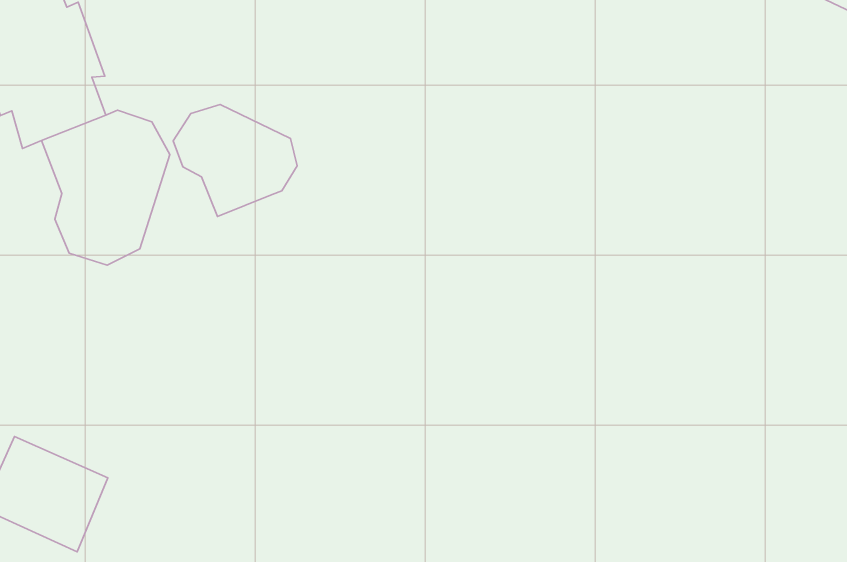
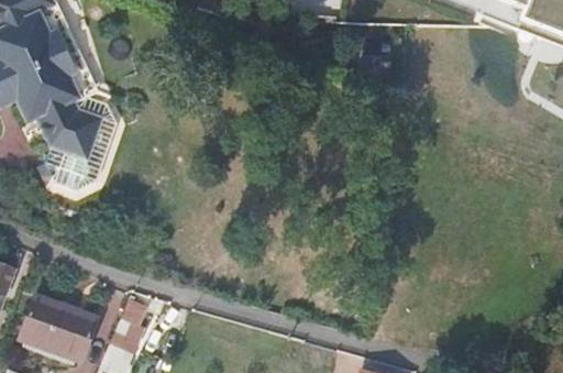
building: [173,105,297,216] -> none
building: none -> [109,301,150,354]

